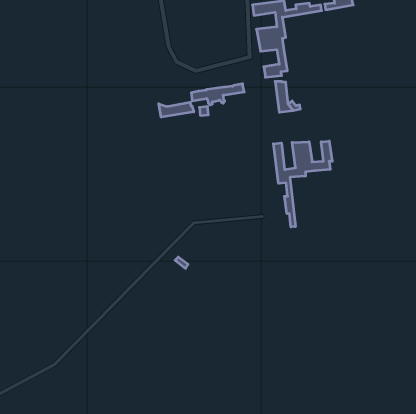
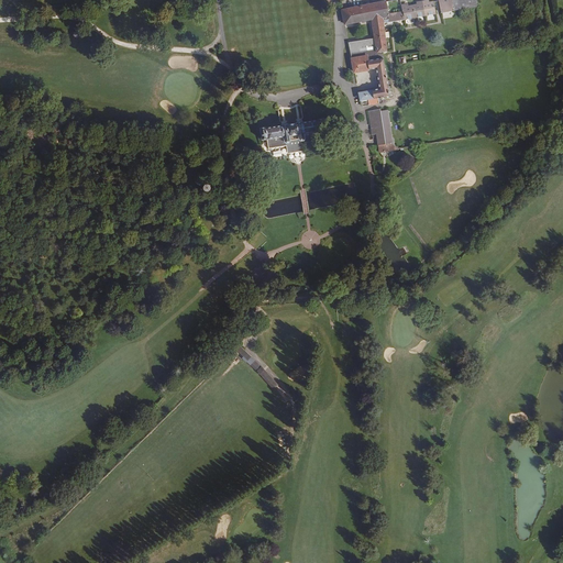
building: [159,102,194,117] -> none
building: [273,141,332,227] -> none

